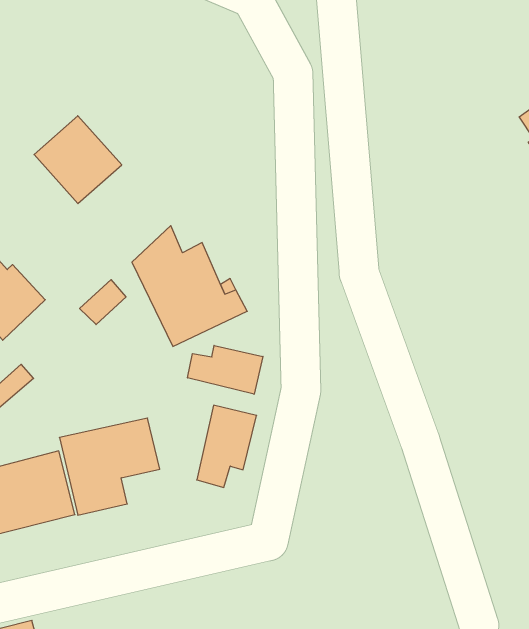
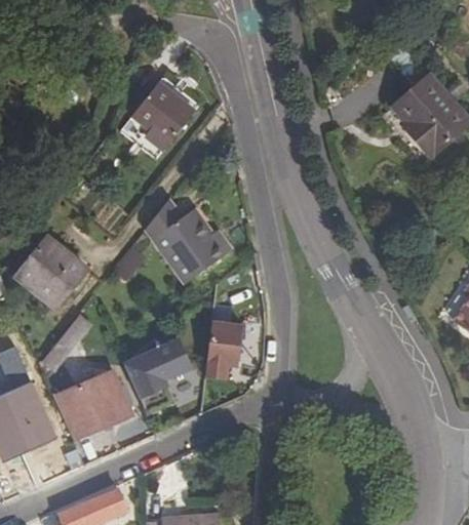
building: [34,116,122,204] -> [128,88,190,149]
building: [188,345,263,394] -> none

